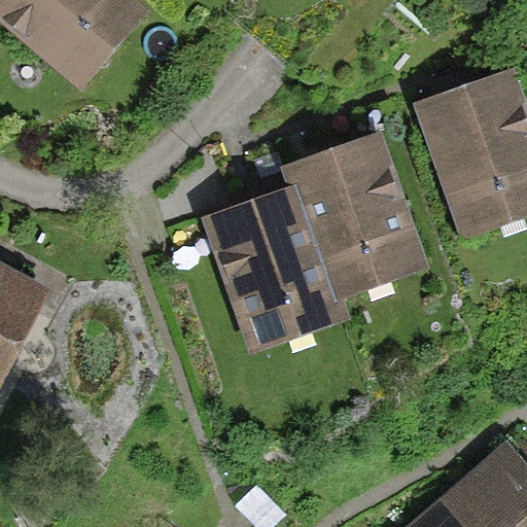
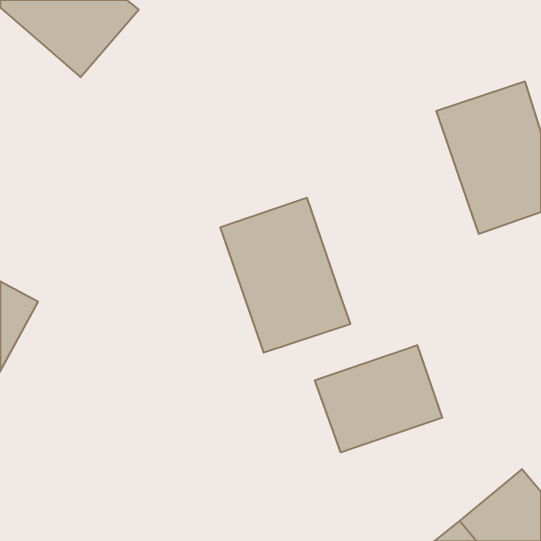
building: [290,142,416,288] -> none
building: none -> [315,345,442,452]

